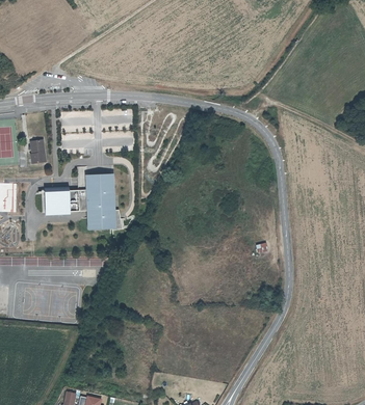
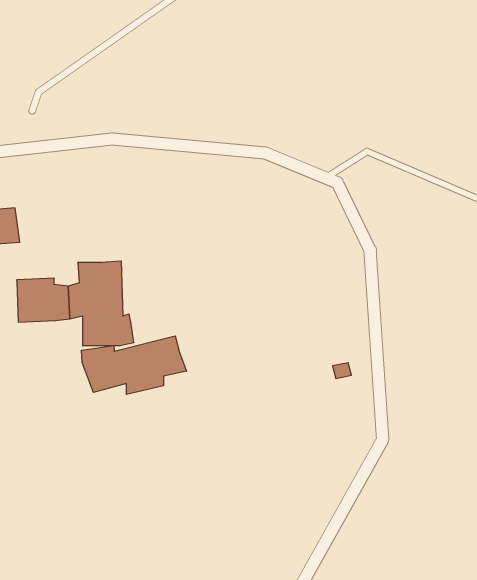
building: none -> [81,336,187,394]

